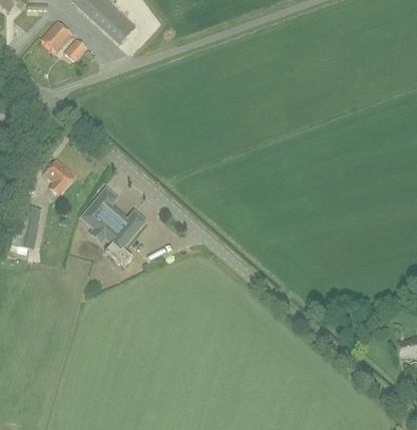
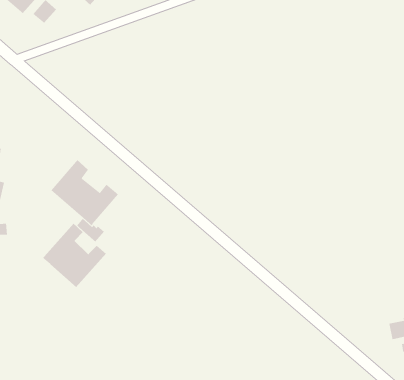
building: [45,158,74,190] -> none
building: none -> [42,223,107,288]

